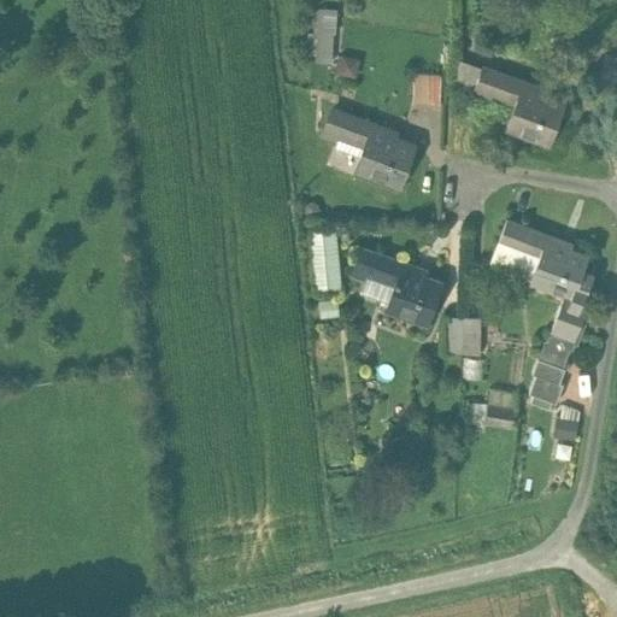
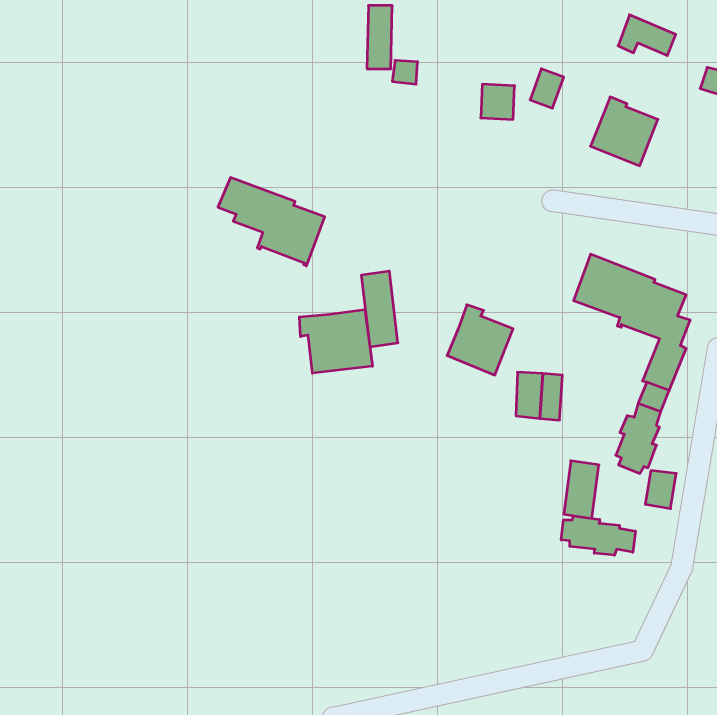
building: [475,69,524,104] -> [618,15,676,56]
building: [323,110,415,186] -> [218,178,325,266]
building: [352,248,401,284] -> none
building: none -> [299,309,372,373]
building: none -> [561,516,635,555]

